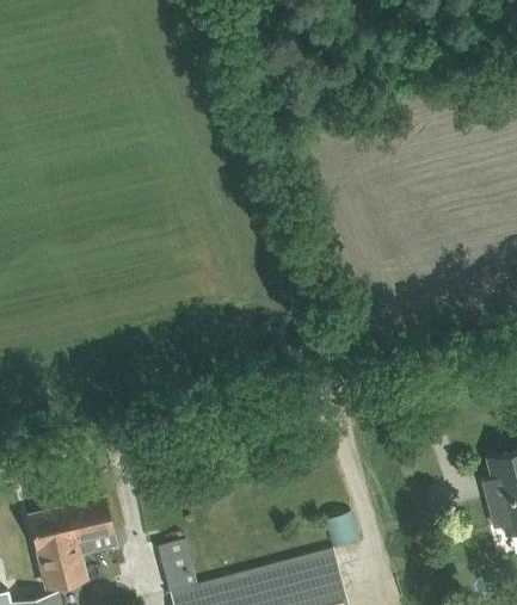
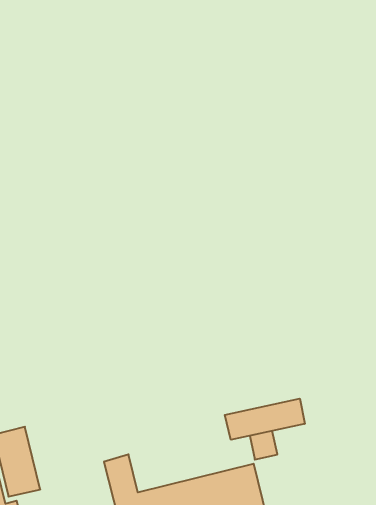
building: none -> [225,399,305,440]
building: [66,502,111,584] -> none

